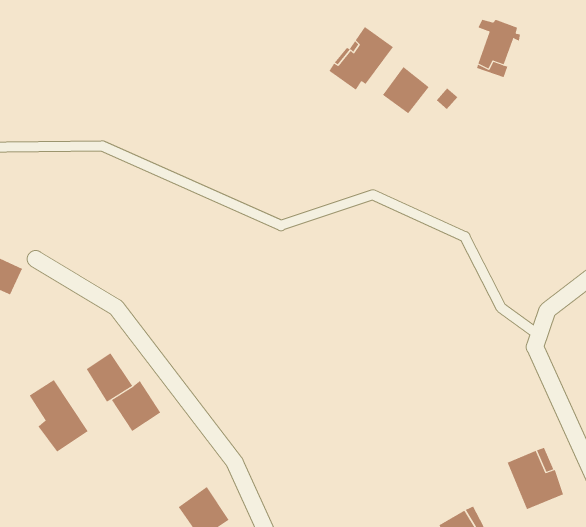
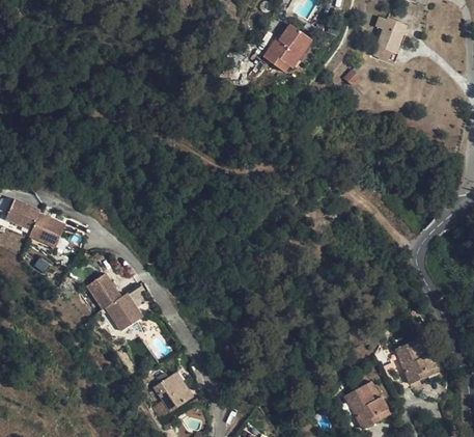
building: [382,66,429,114] -> none
building: none -> [25,208,61,242]
building: [29,379,89,453] -> none

